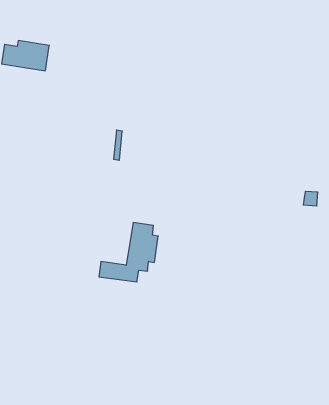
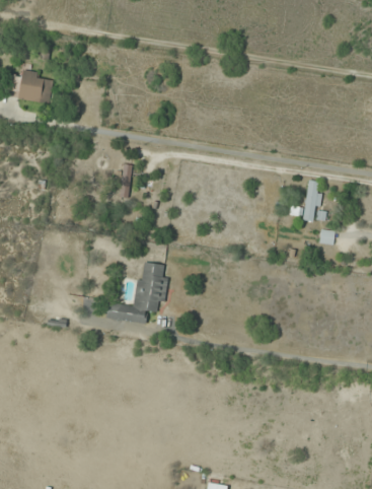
building: none -> [293,180,321,219]

